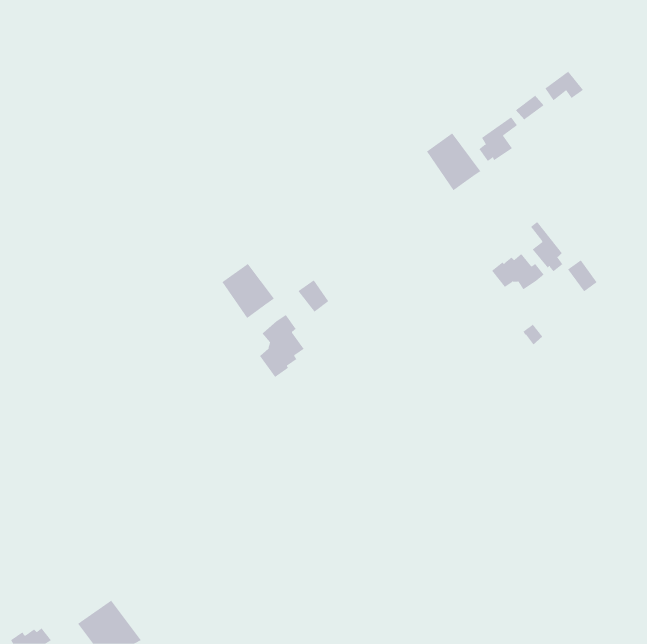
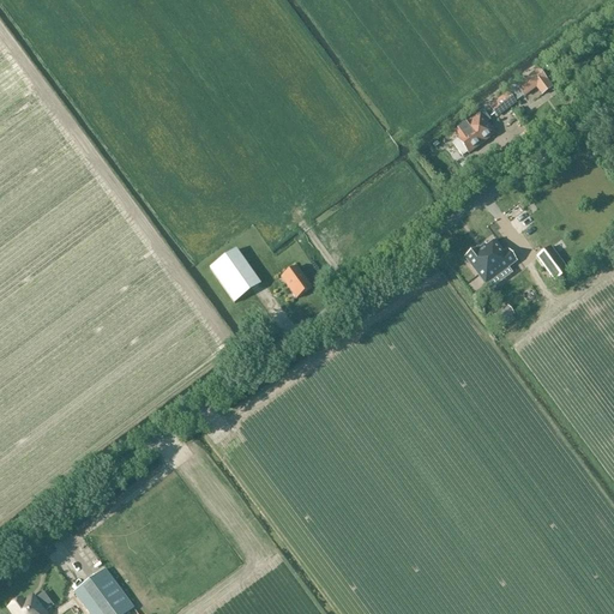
building: [426,132,481,191] -> none
building: [530,221,563,272] -> none
building: [258,314,304,378] -> none

